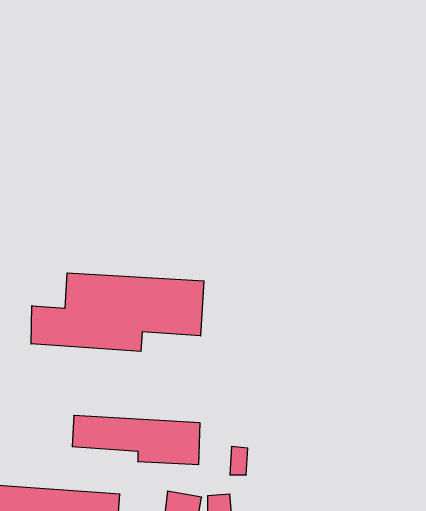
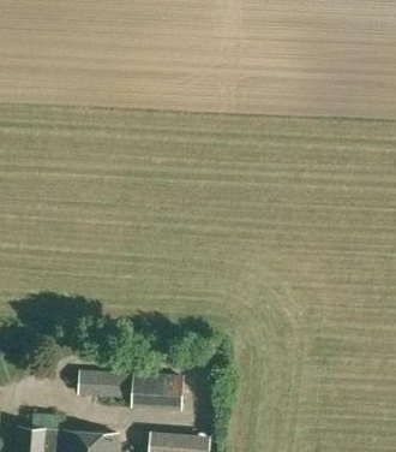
building: [31,273,204,351] -> none

